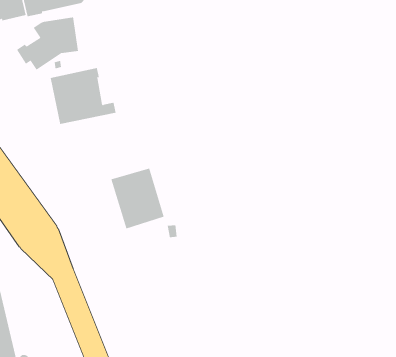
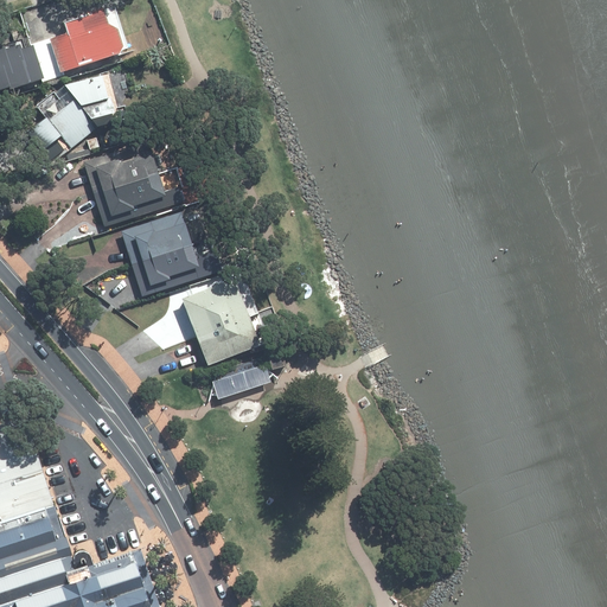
building: none -> [117,213,199,298]
building: none -> [211,360,270,398]

